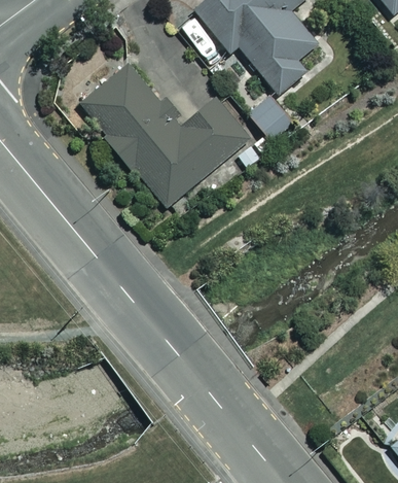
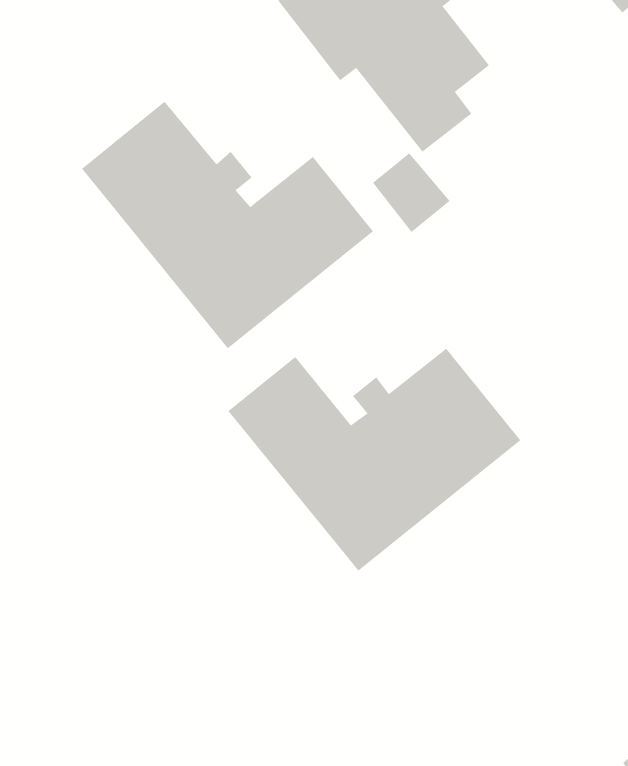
building: none -> [228,348,521,572]

